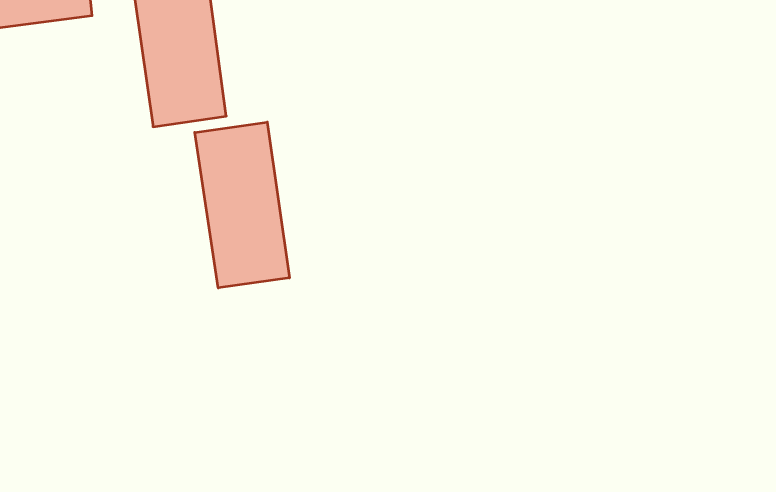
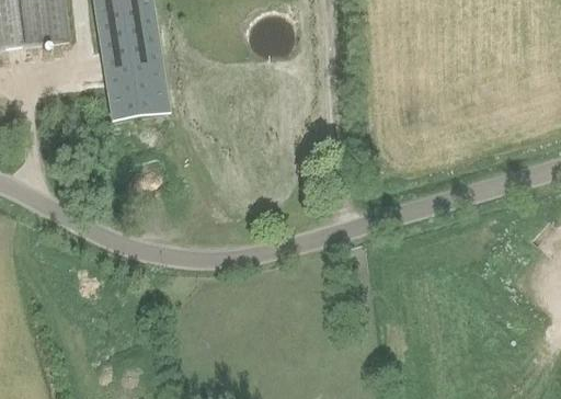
building: [195,122,289,288] -> none

